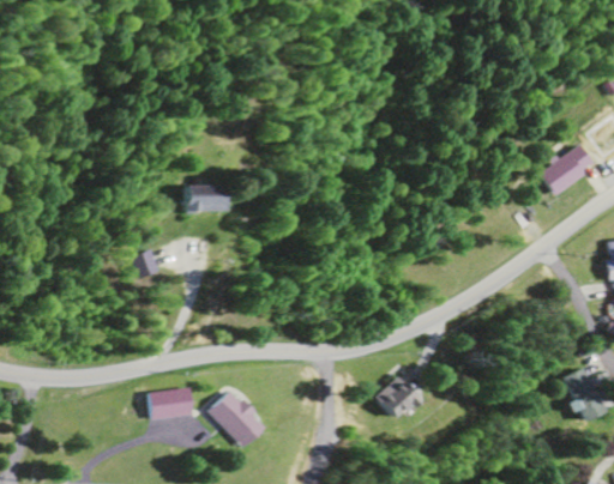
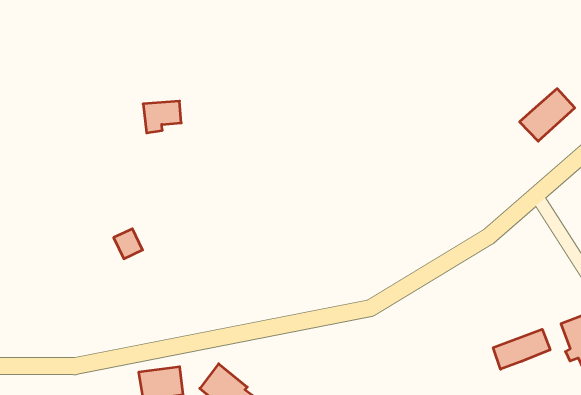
building: [179,184,215,213] -> [143,101,181,133]
building: [373,375,416,419] -> none
building: none -> [493,329,550,369]

